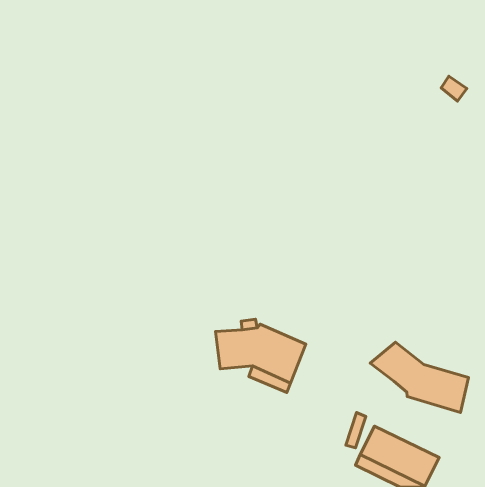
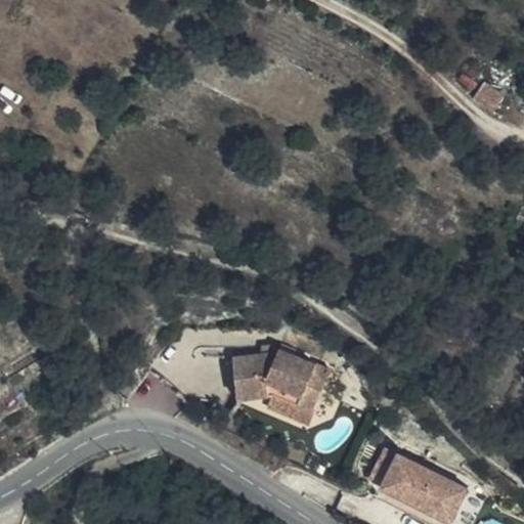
building: [370,342,469,412] -> none

